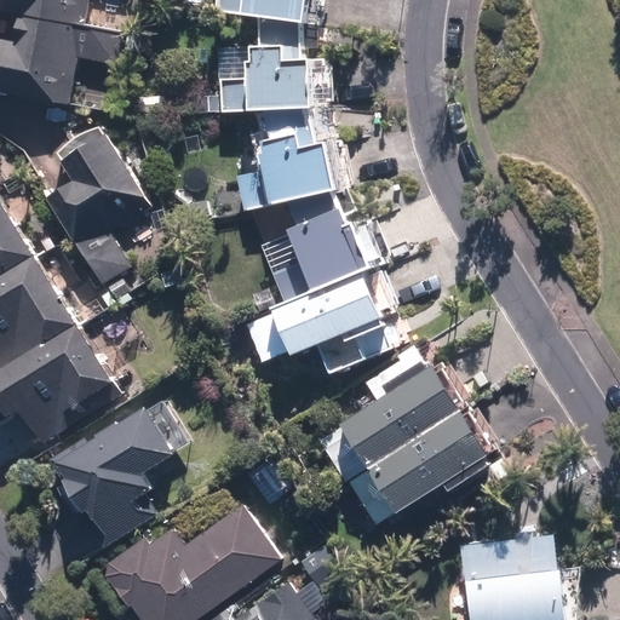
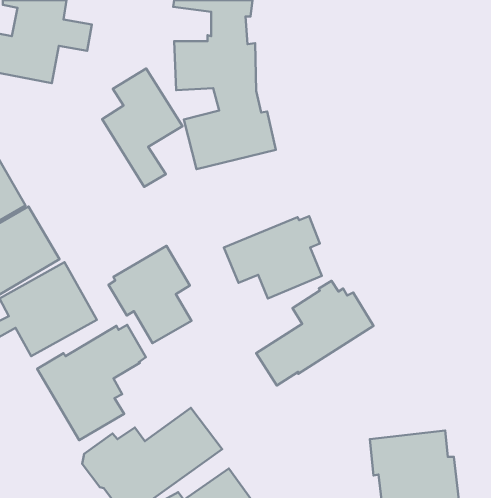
building: [47,137,147,283] -> [102,68,182,187]
building: [268,194,379,298] -> none
building: none -> [108,246,191,343]
building: [349,408,492,523] -> none

